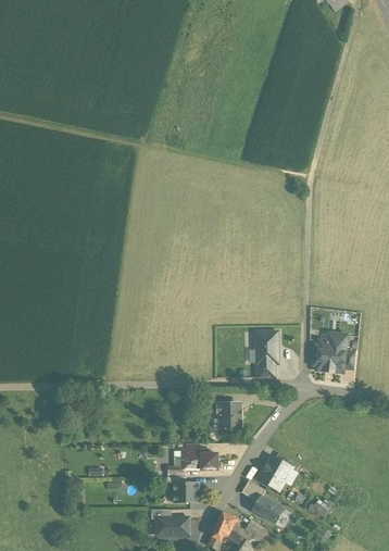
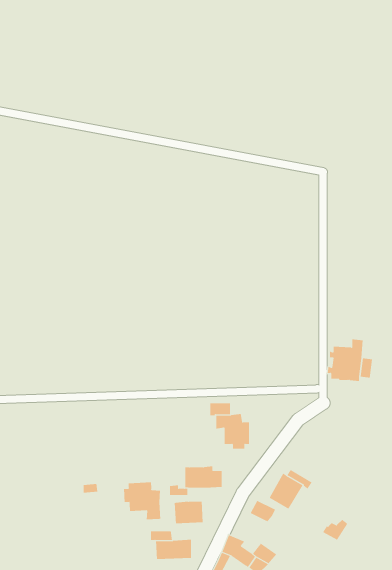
building: [255,330,278,363] -> none
building: none -> [123,481,161,520]
building: [252,496,285,524] -> none

